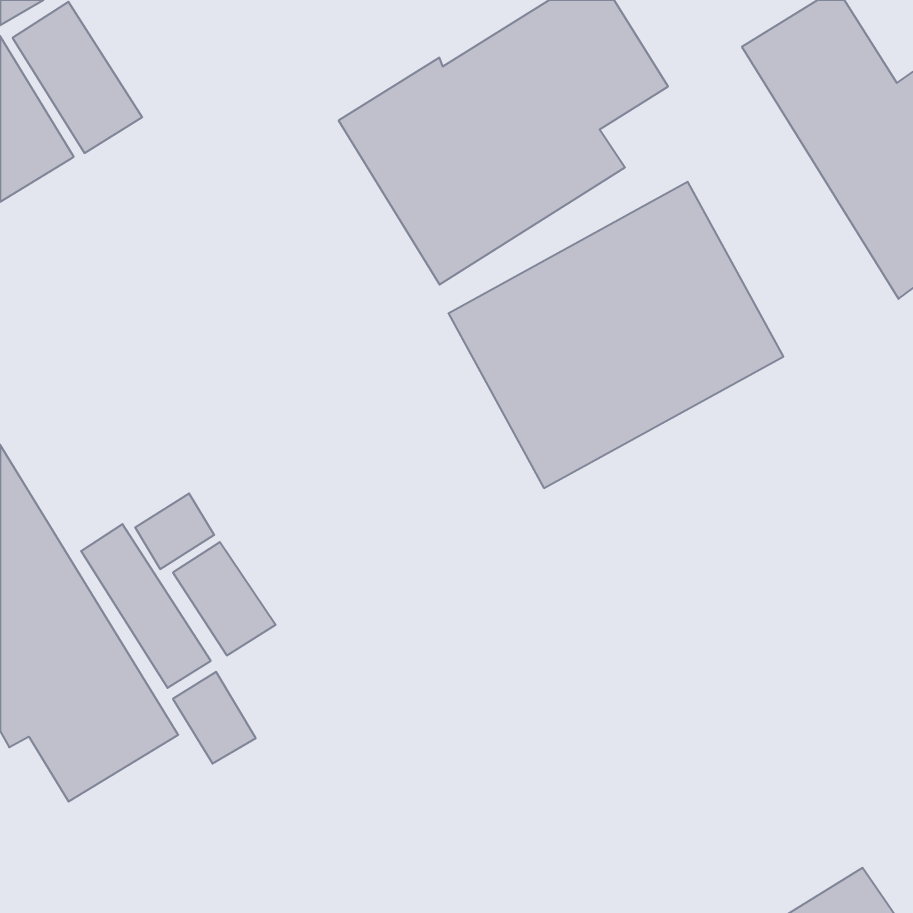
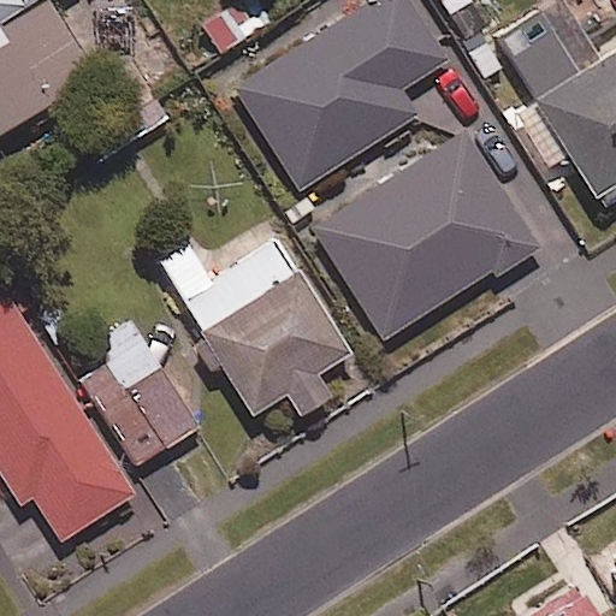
building: none -> [159,242,355,417]

